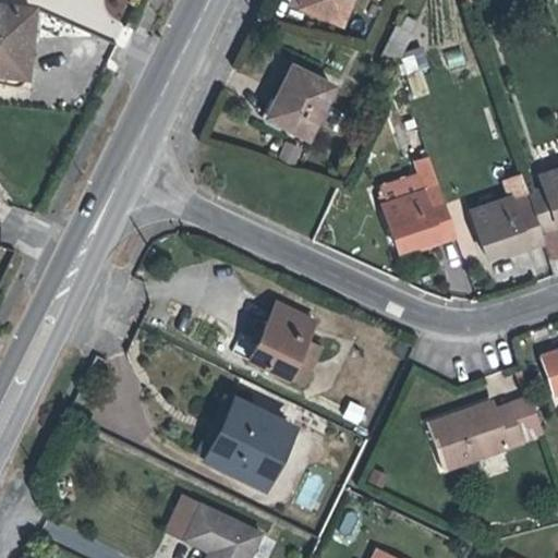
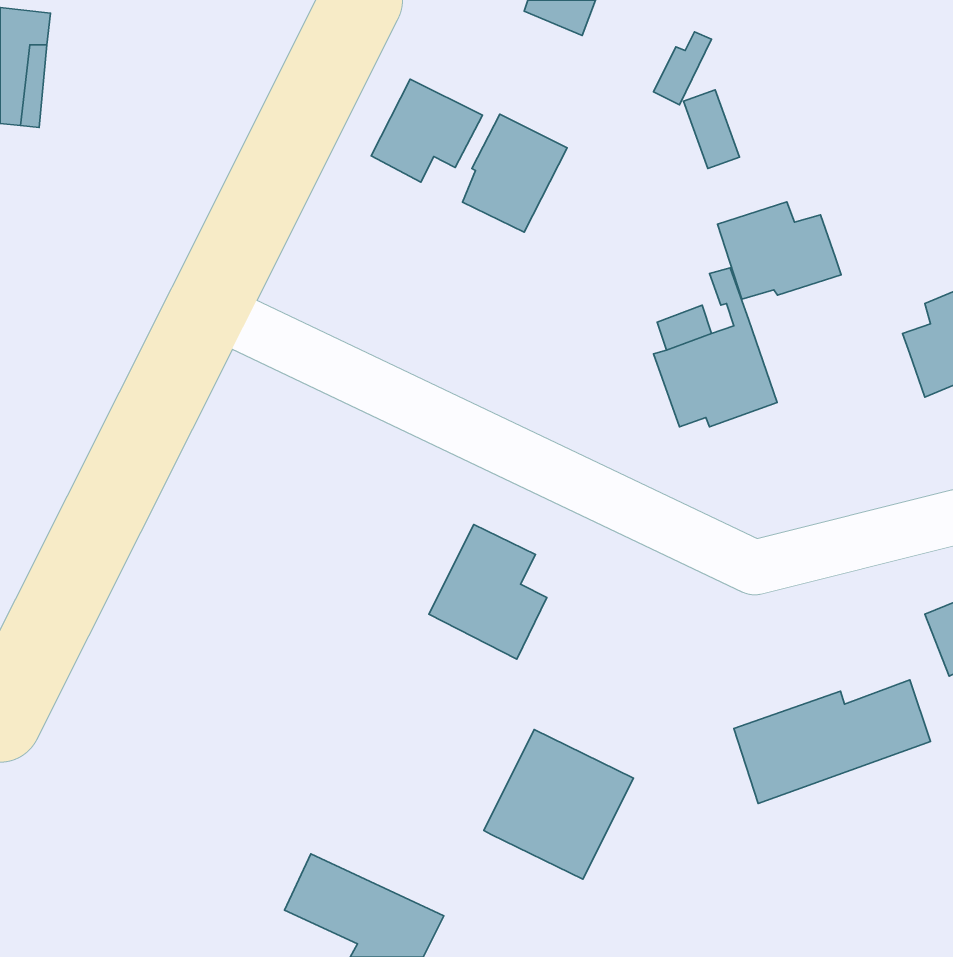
building: none -> [371,79,482,182]
building: [472,198,544,255] -> [718,202,841,299]
building: [205,398,292,485] -> [484,729,633,879]

